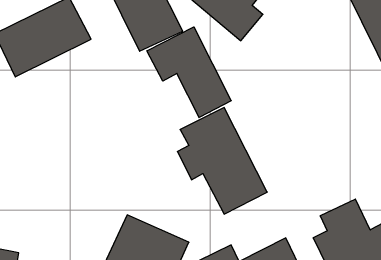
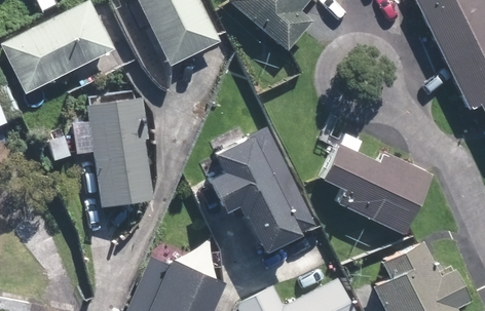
building: [147,27,231,118] -> none
building: none -> [87,96,154,207]
building: none -> [316,137,427,229]

